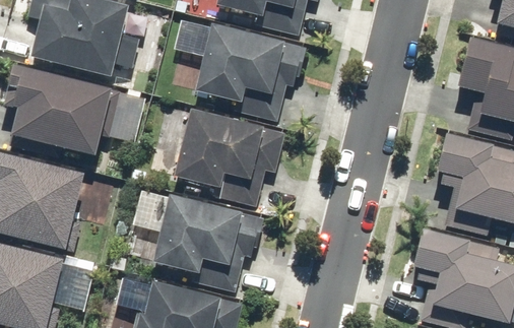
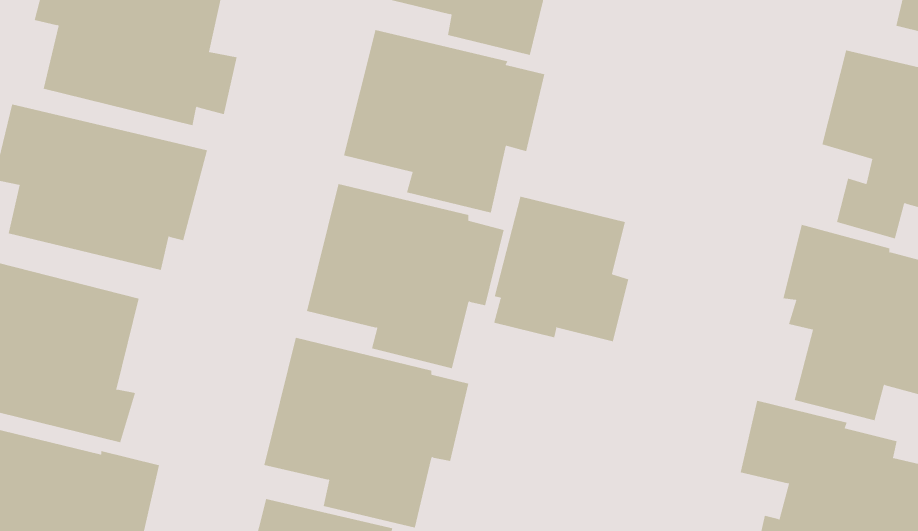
building: none -> [493,196,629,342]

